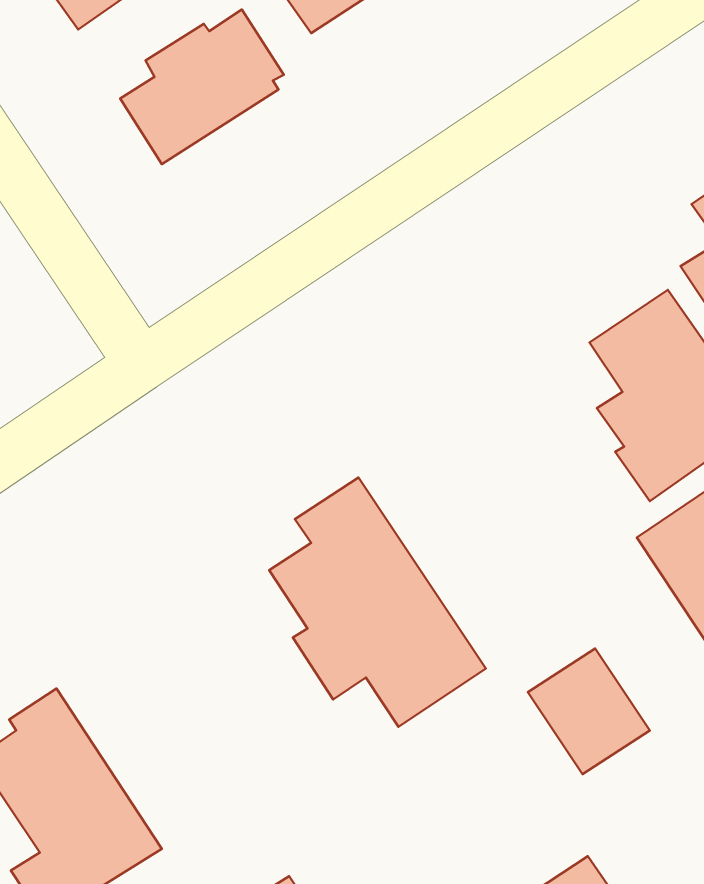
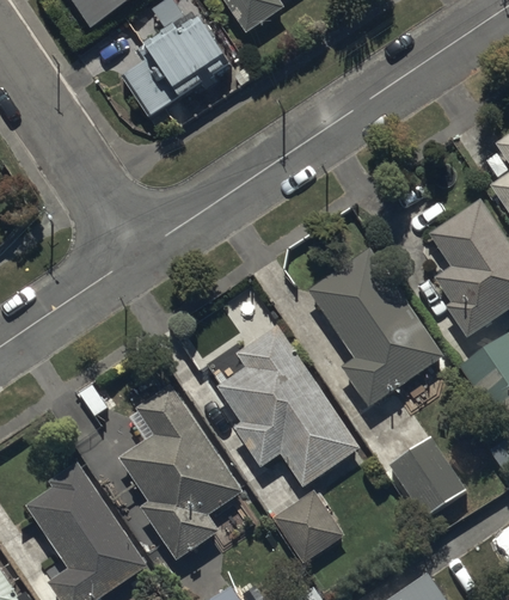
building: none -> [307,246,444,408]
building: none -> [119,384,243,559]
building: none -> [271,488,343,562]

